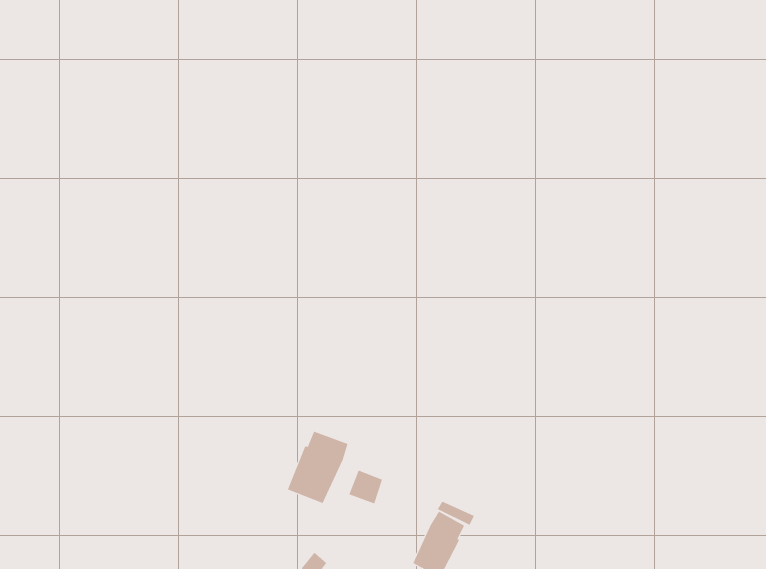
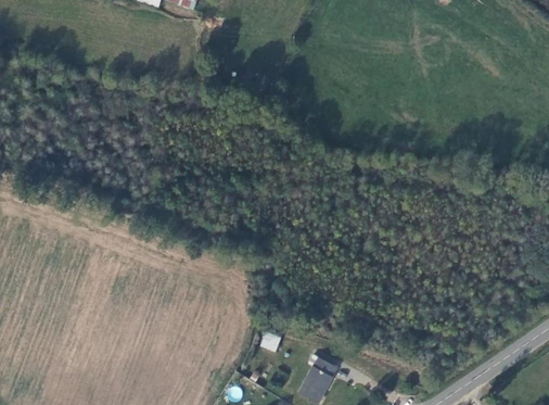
building: [287,431,348,504] -> none

